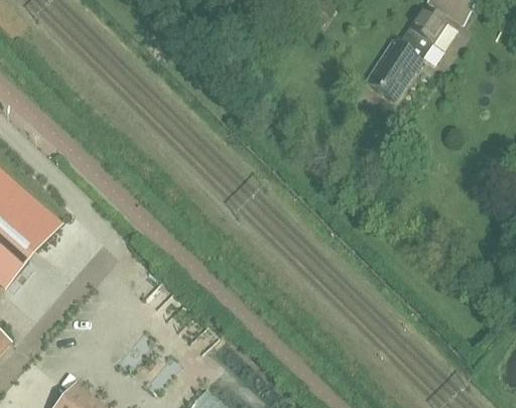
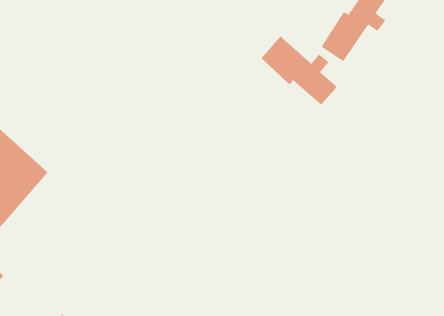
building: none -> [260,36,338,106]

